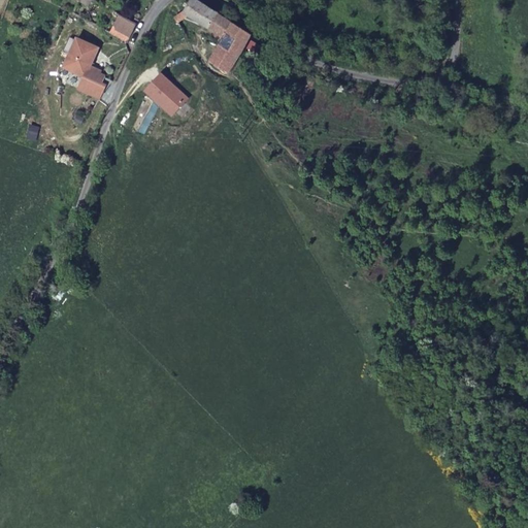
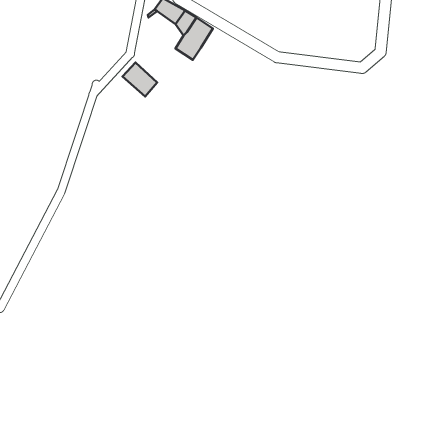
building: [109,13,136,42] -> none
building: [62,37,105,97] -> none

